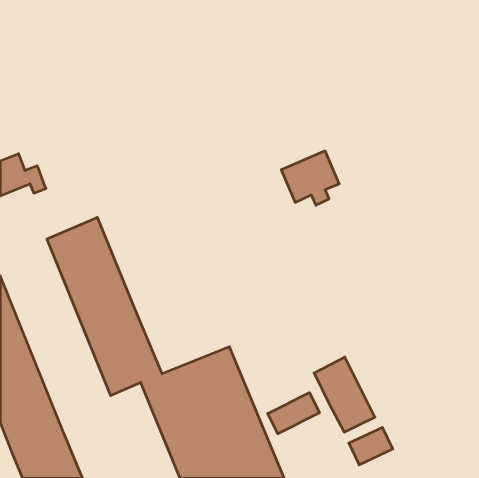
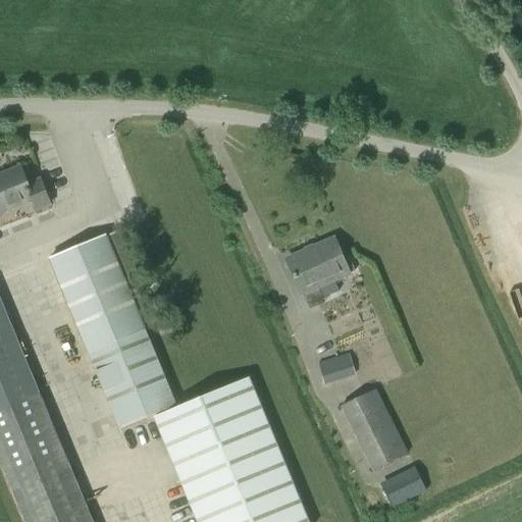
building: [281,151,339,205] -> [286,239,350,298]
building: none -> [318,353,356,384]
building: [268,393,319,434] -> none

